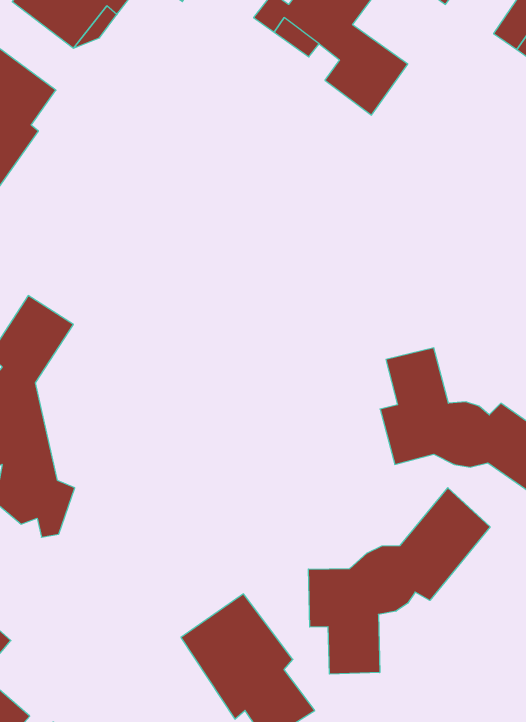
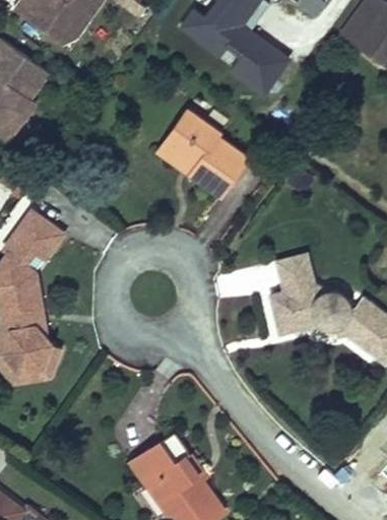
building: none -> [154,108,248,198]
building: [308,488,490,674] -> none

